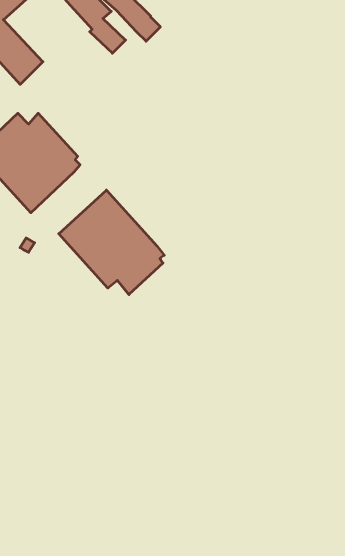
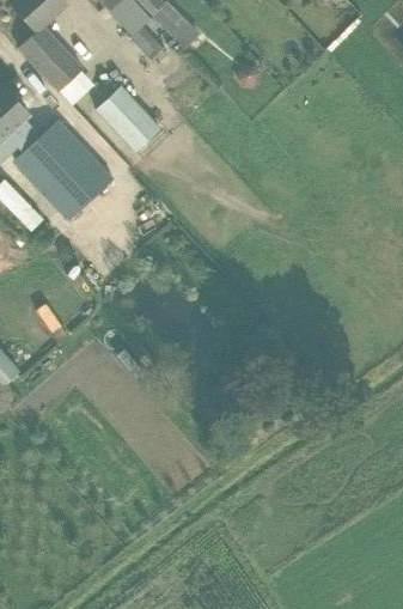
building: none -> [94,86,160,153]
building: [59,190,164,295] -> none

